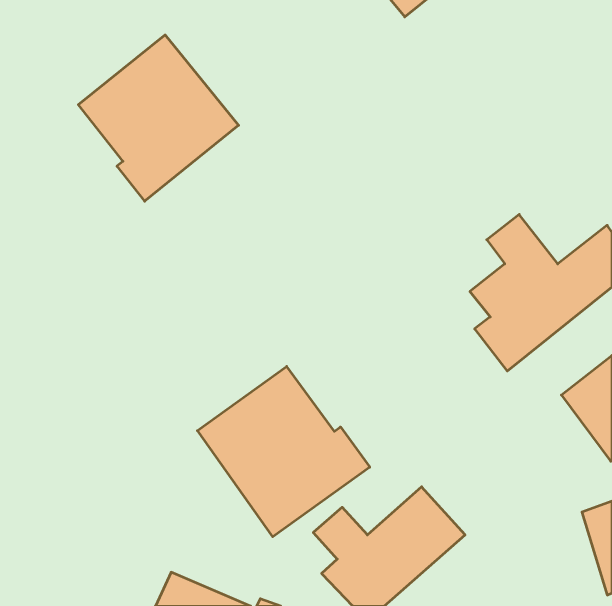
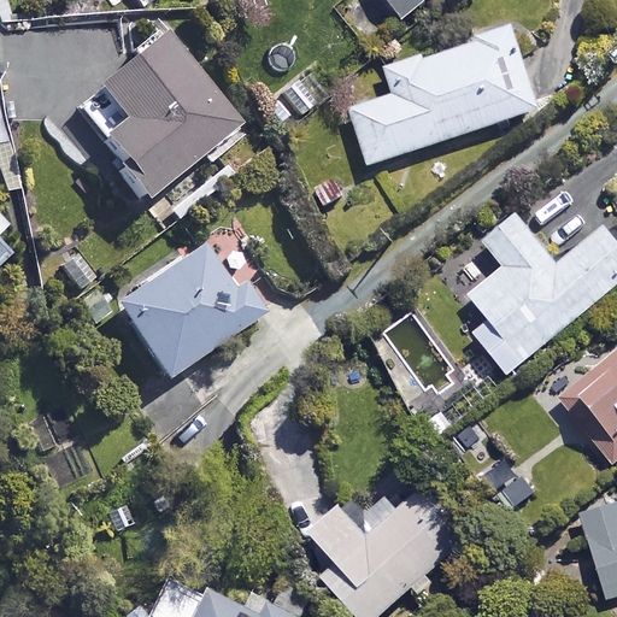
building: none -> [352,28,541,163]
building: none -> [113,242,260,378]
building: [197,366,370,537] -> none

